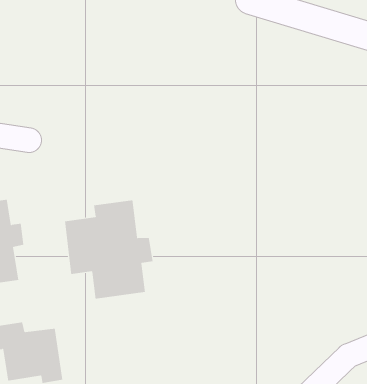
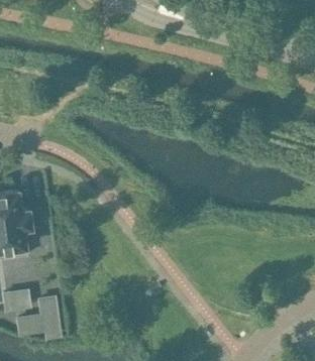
building: [64,200,153,300] -> none

